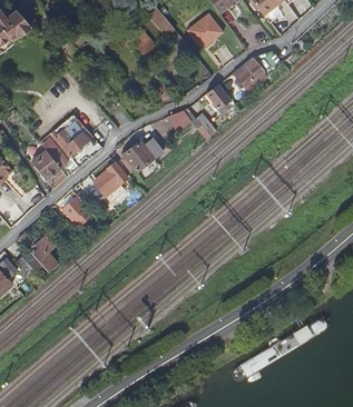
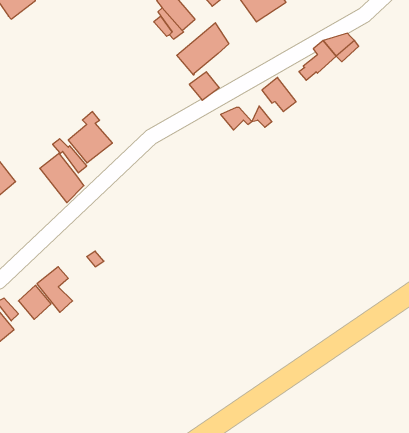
building: none -> [177,23,229,75]
building: [124,138,161,170] -> none
building: [92,163,127,196] -> none
building: [60,195,90,225] -> none

